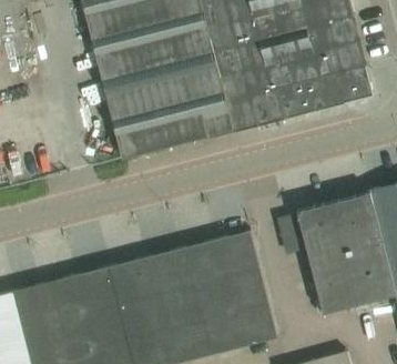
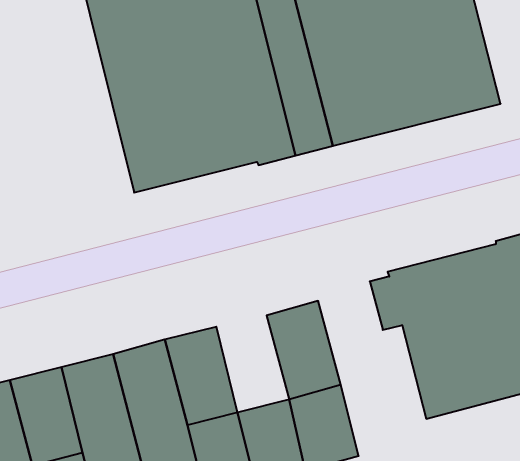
building: [180,242,230,309] -> none

